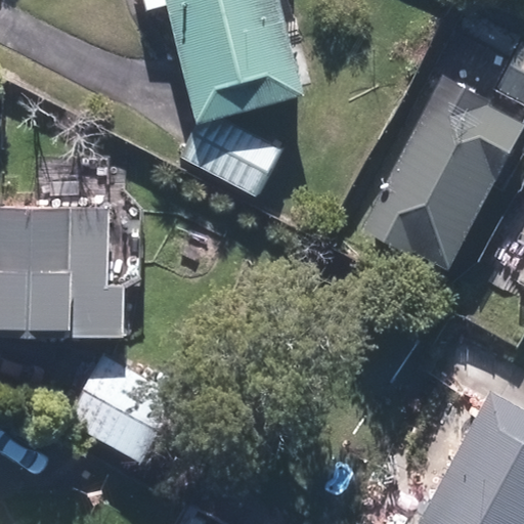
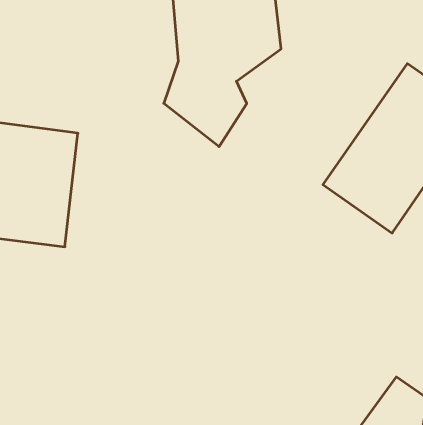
building: [73,355,178,454] -> none

